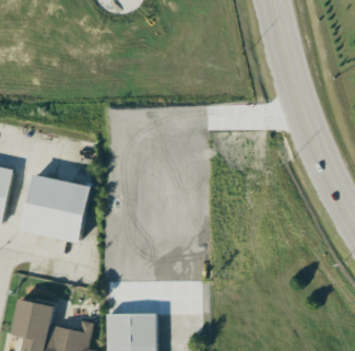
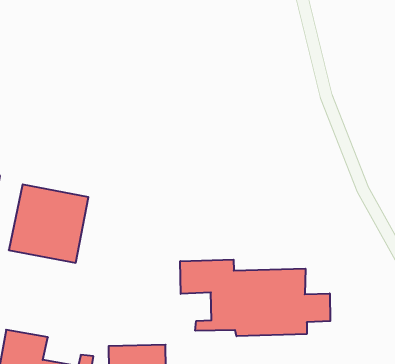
building: none -> [180,260,330,336]

